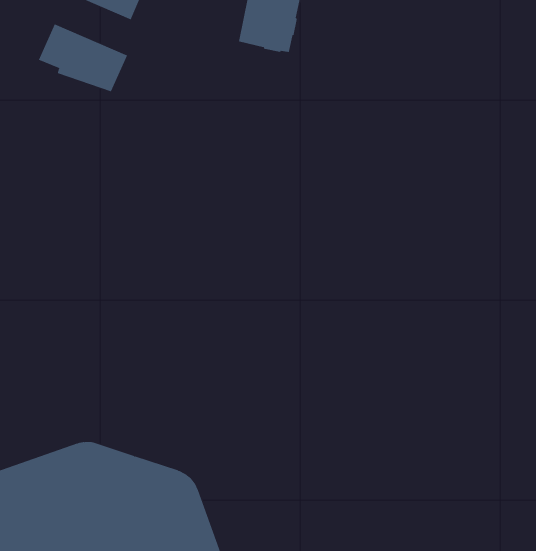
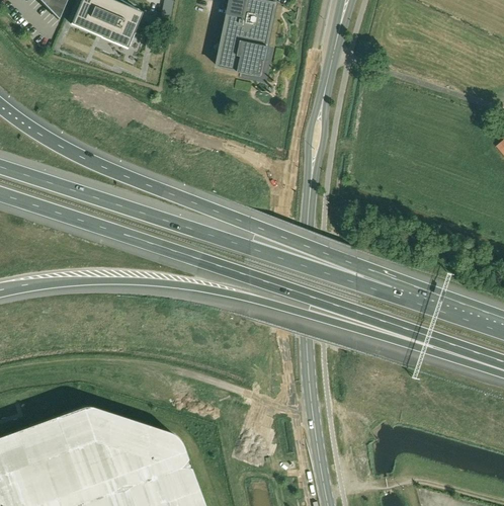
building: [38,23,128,92] -> none

